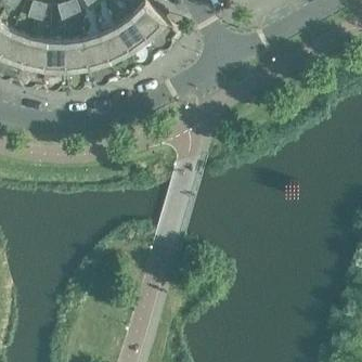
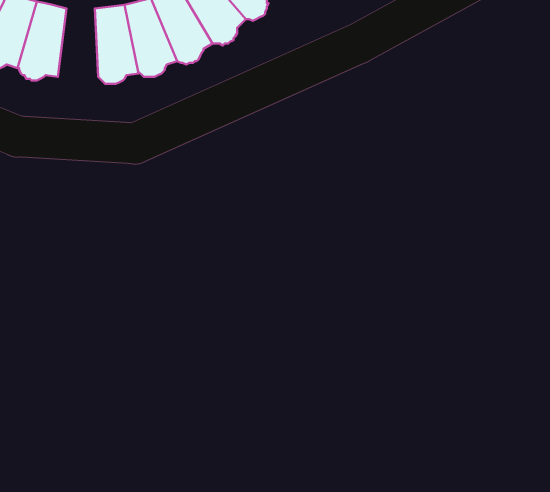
building: [38,36,63,83] -> none

